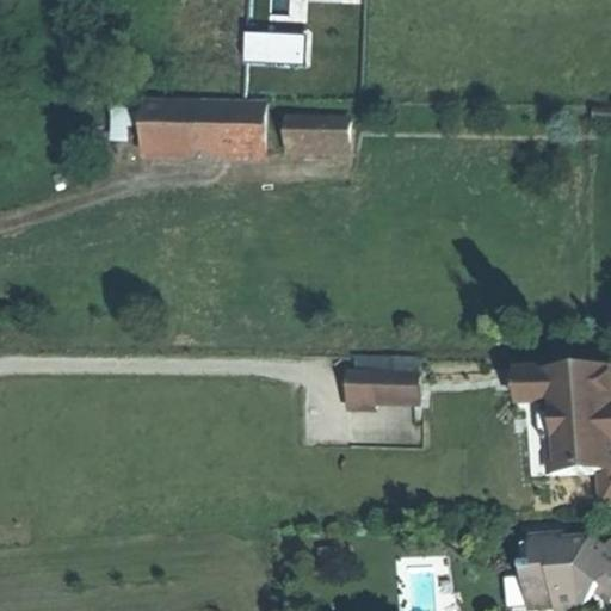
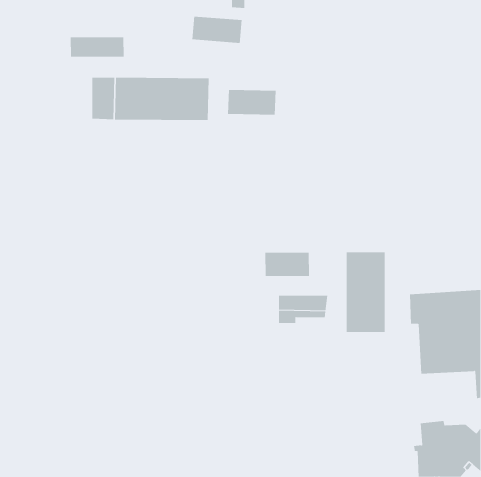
building: none -> [70,37,124,57]
building: none -> [346,252,385,333]
building: none -> [265,252,309,277]

